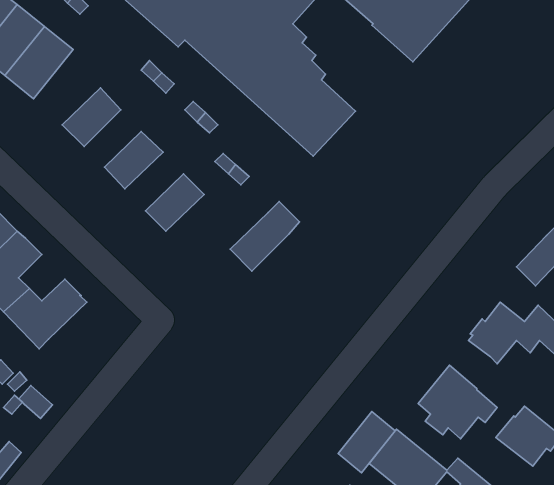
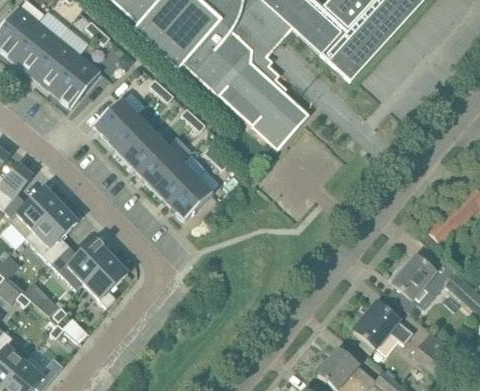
building: none -> [109,114,151,156]
building: none -> [139,145,182,188]
building: [230,202,300,271] -> [169,168,220,219]
building: none -> [83,255,128,306]
building: [338,411,395,473] -> none

